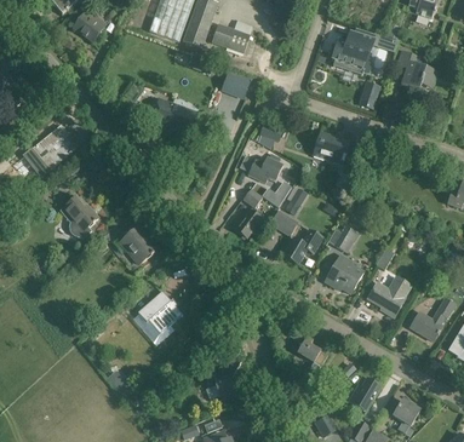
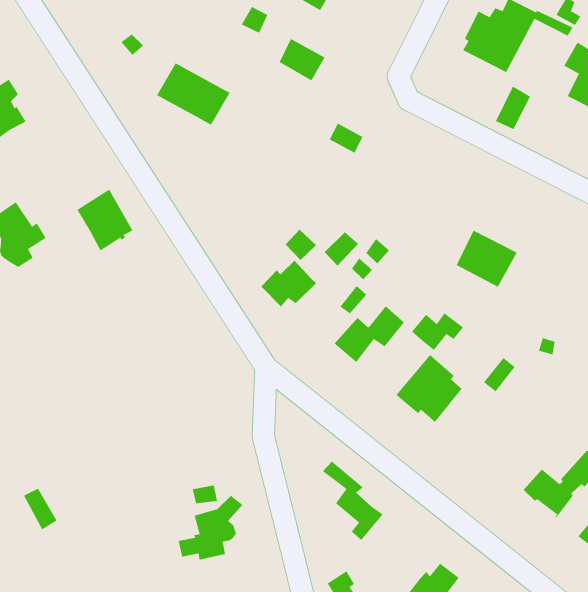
building: [313,131,349,163] -> [456,230,518,288]
building: [247,153,282,182] -> none
building: [120,225,156,264] -> [76,189,133,251]
building: [366,275,411,316] -> none
building: [137,291,181,332] -> none

